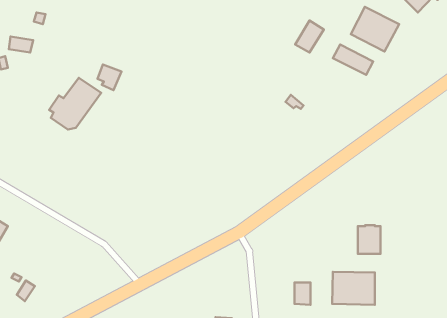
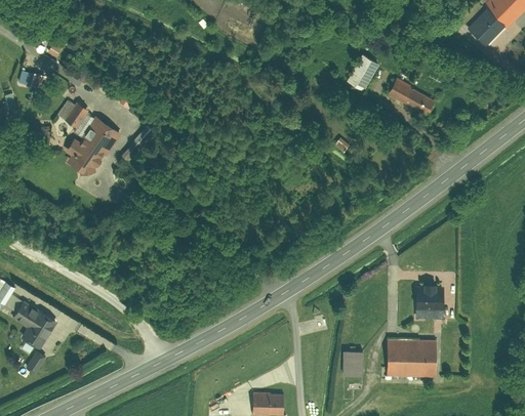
building: [351,7,399,51] -> none
building: [97,64,122,90] -> [57,99,85,129]
building: none -> [11,300,56,348]

